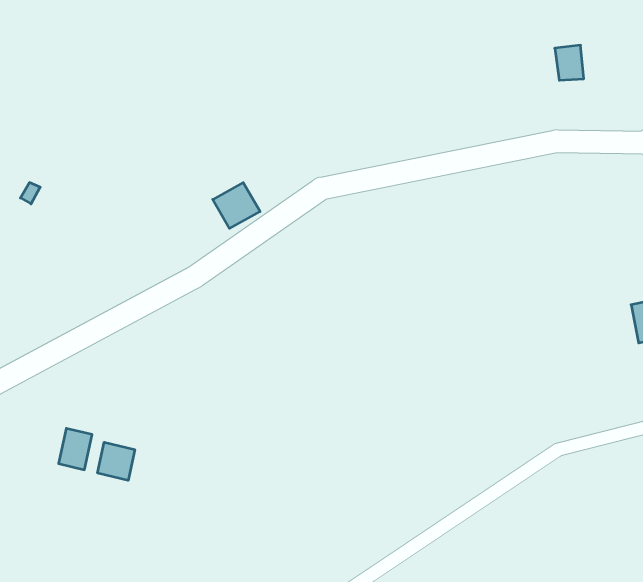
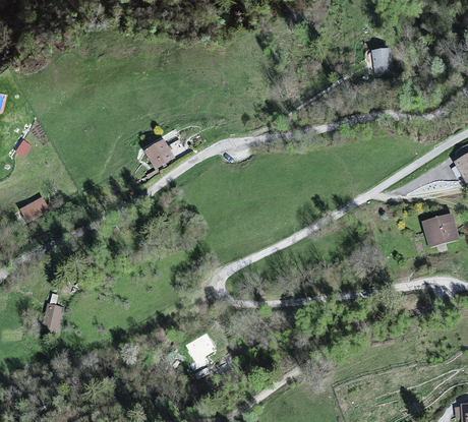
building: none -> [18,197,48,223]
building: [98,442,135,480] -> none

